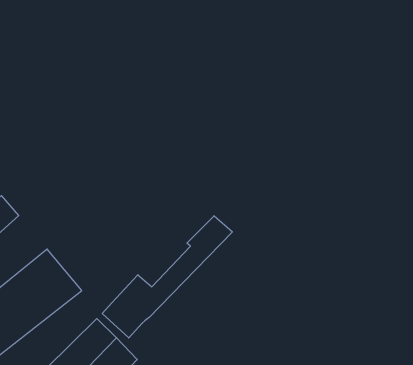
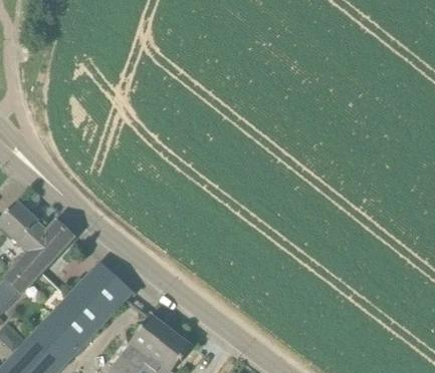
building: [102,216,232,338] -> none

